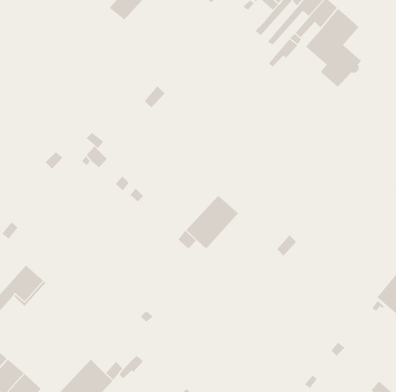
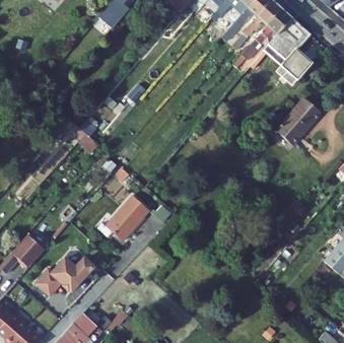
building: none -> [277,99,320,144]
building: [186,195,239,249] -> [106,196,150,242]
building: none -> [37,259,93,295]

